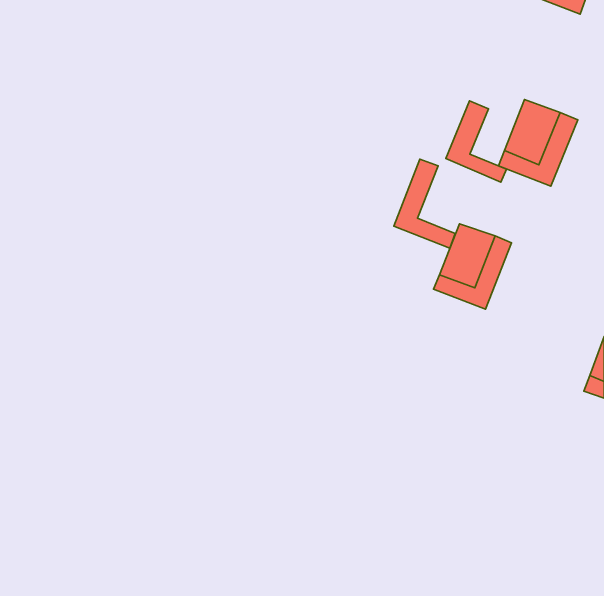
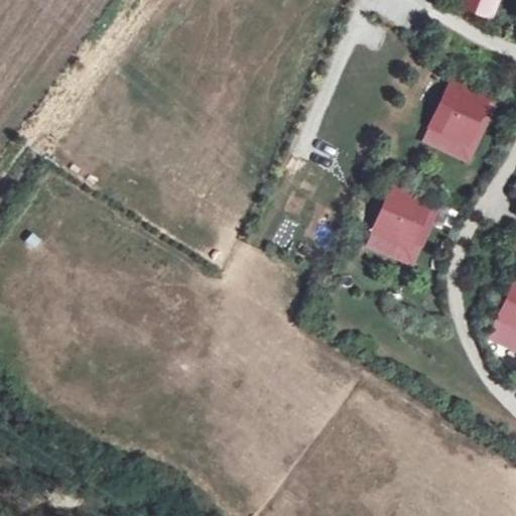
building: [446,101,507,182] -> none
building: [394,159,455,248] -> none

